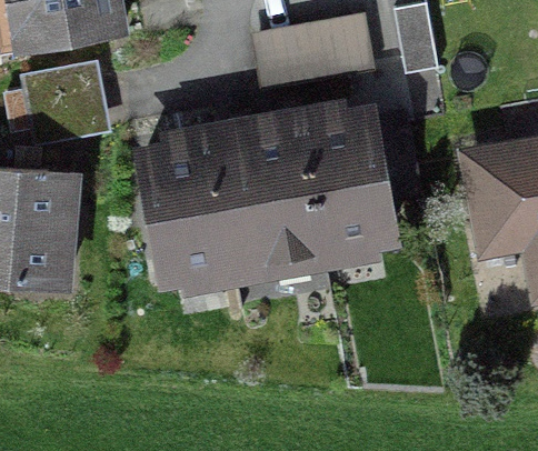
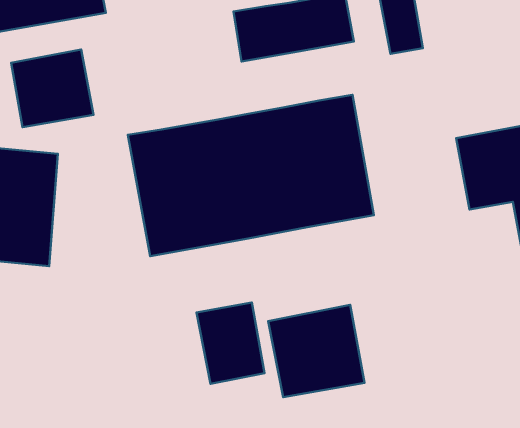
building: none -> [197,302,264,384]
building: none -> [268,305,365,397]

